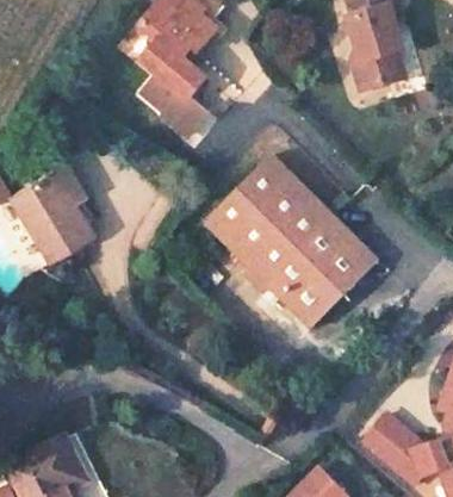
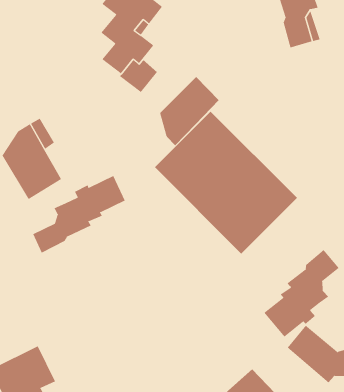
building: none -> [159,76,220,146]
building: none -> [33,175,125,254]
building: none -> [264,249,340,337]

